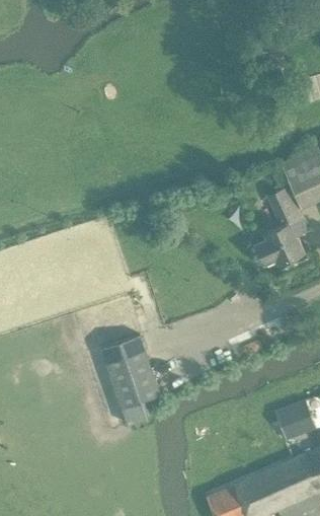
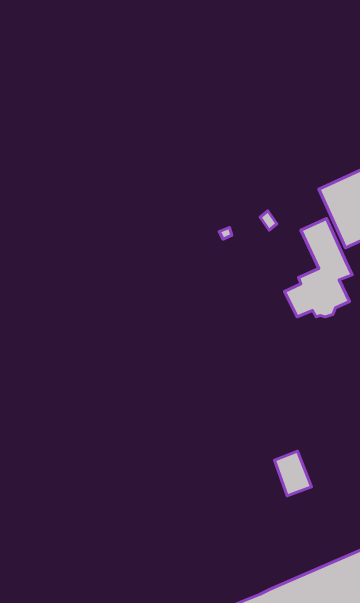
building: [102,336,161,425] -> none
building: [275,404,305,440] -> [274,451,311,496]

